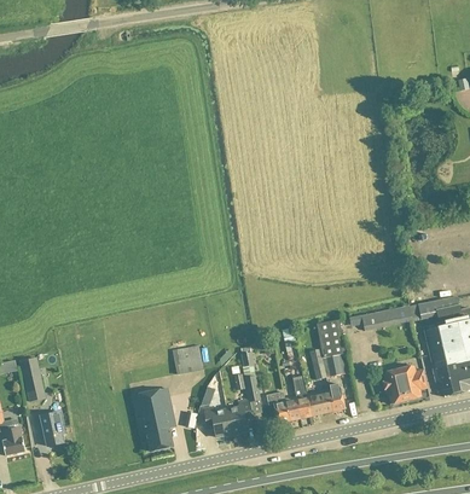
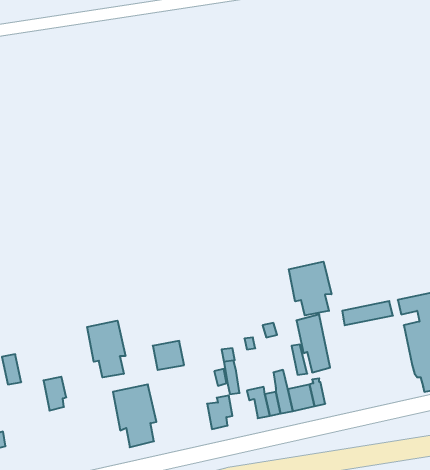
building: none -> [289,262,331,315]
building: none -> [87,321,125,377]
building: [381,364,425,402] -> none
building: [202,405,230,435] -> none
building: [40,411,63,444] -> [43,377,66,411]

